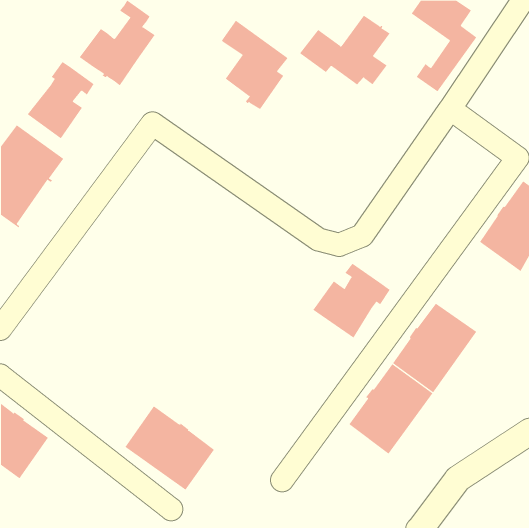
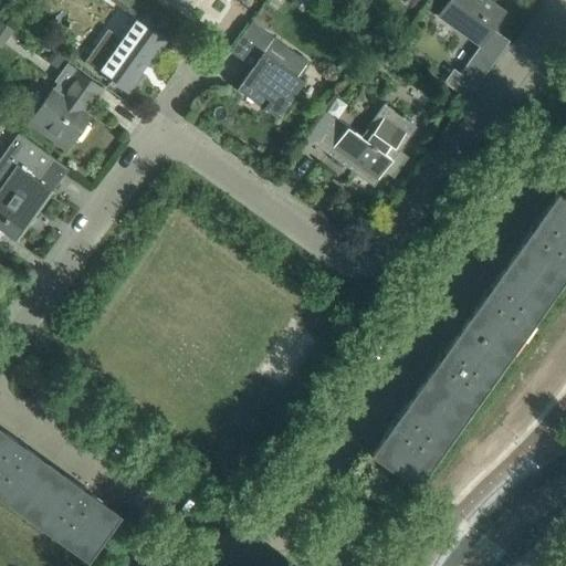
building: [299,15,390,85] -> [316,105,413,180]
building: none -> [465,260,556,356]
building: [313,263,390,339] -> none
building: [124,405,215,490] -> [22,469,118,559]

